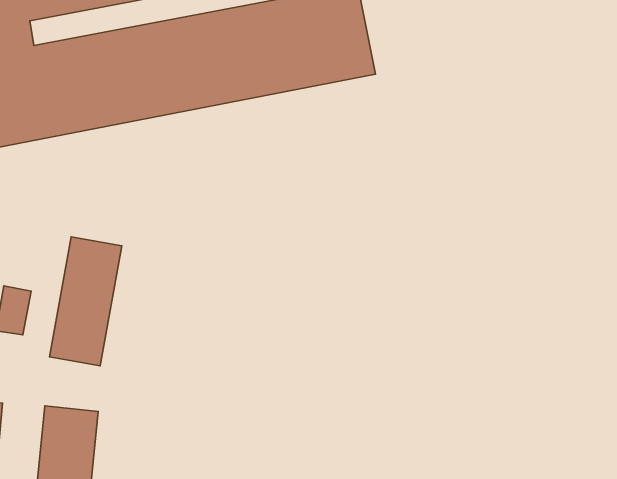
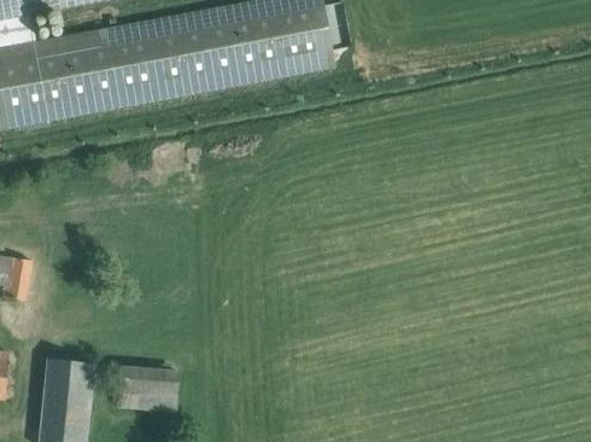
building: [49,237,122,366] -> none
building: none -> [115,364,174,408]

